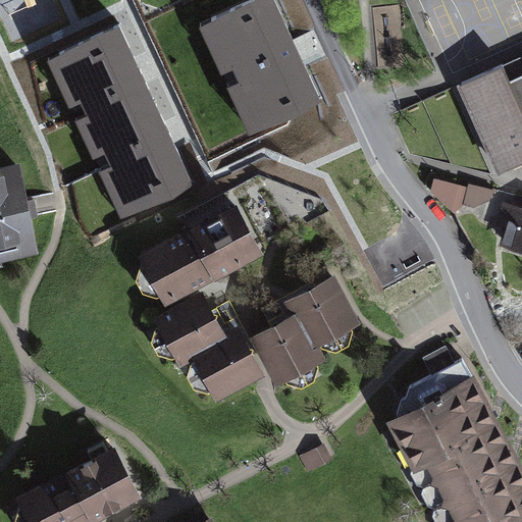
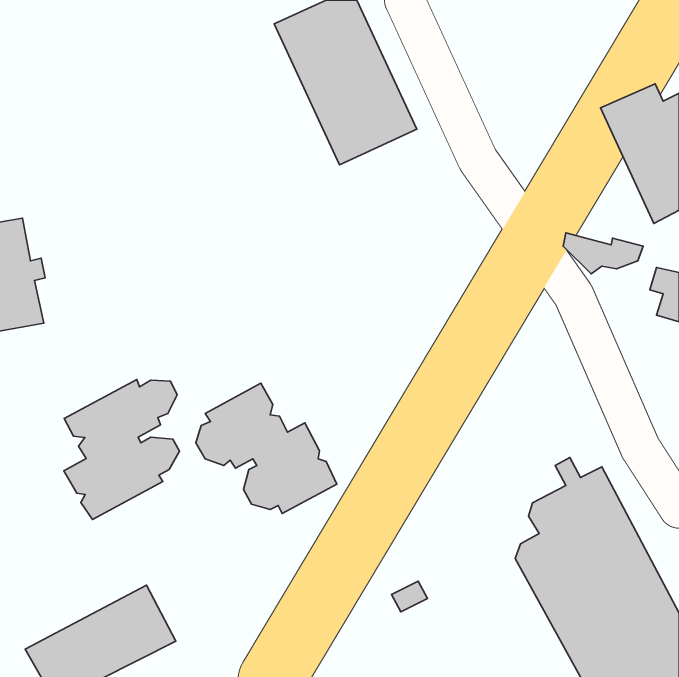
building: [58,27,191,213] -> none
building: [135,208,257,300] -> none
building: [255,279,355,387] -> none
building: none -> [64,379,179,520]

